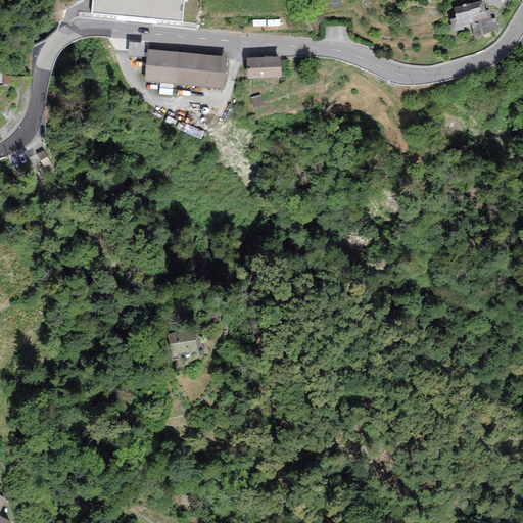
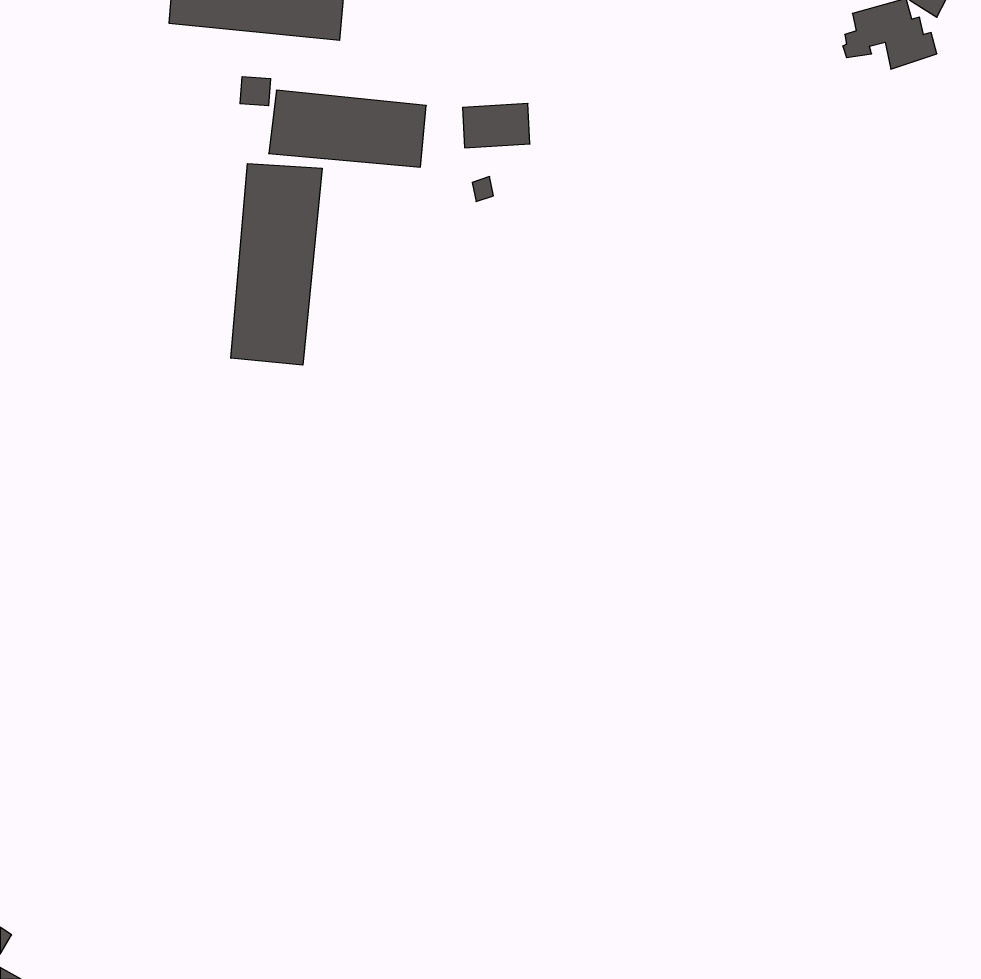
building: none -> [231,164,322,365]
building: [168,328,198,354] -> none

